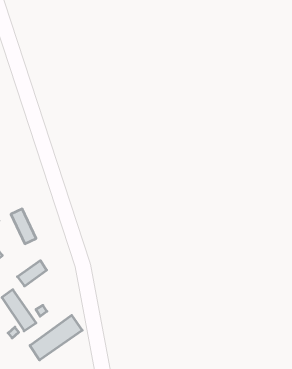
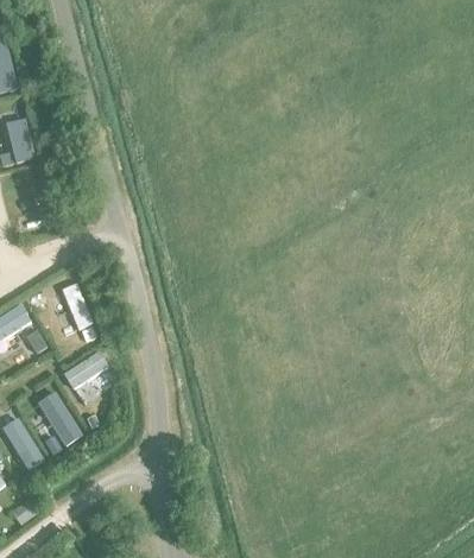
building: [30,315,82,360] -> none

